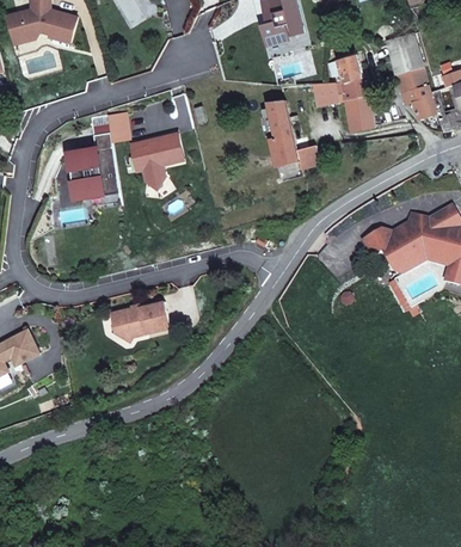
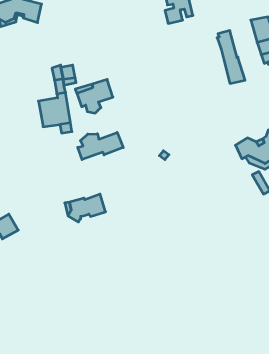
building: [305,82,346,103] -> none
building: [262,99,319,173] -> none
building: none -> [78,132,123,160]

